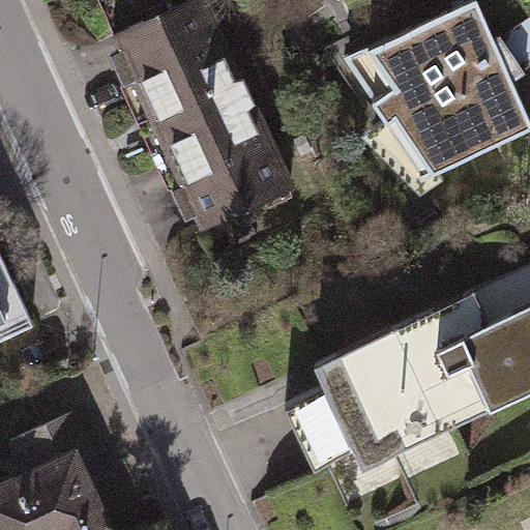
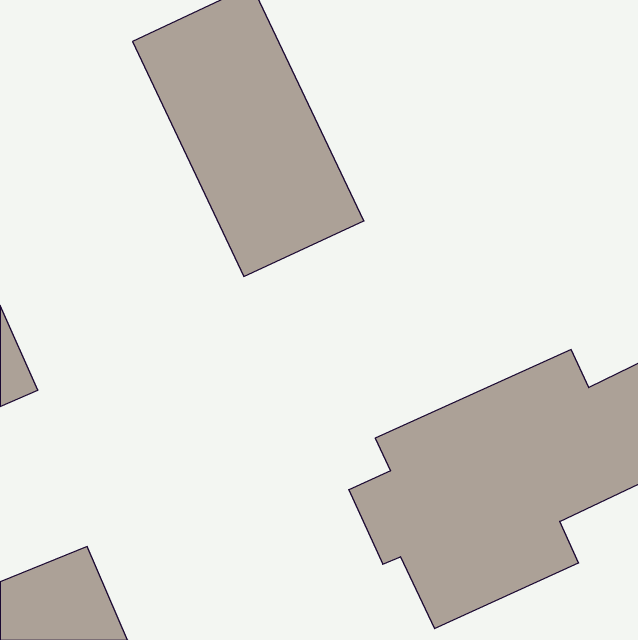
building: [334,7,525,179] -> none

